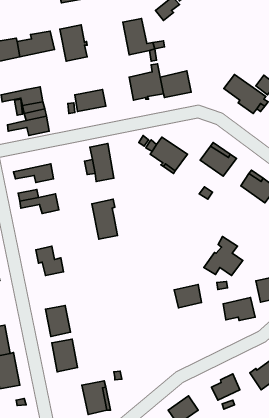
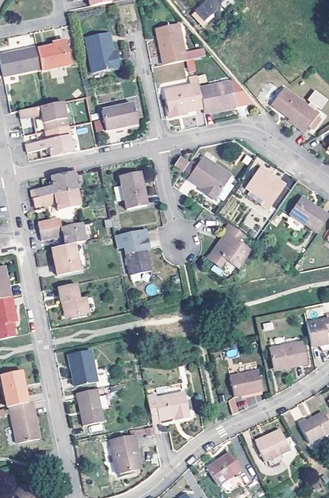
building: none -> [32,172,76,198]
building: none -> [52,243,81,274]
building: [204,236,243,275] -> [207,223,251,267]
building: [174,285,202,308] -> [231,369,262,395]
building: none -> [147,389,188,418]

